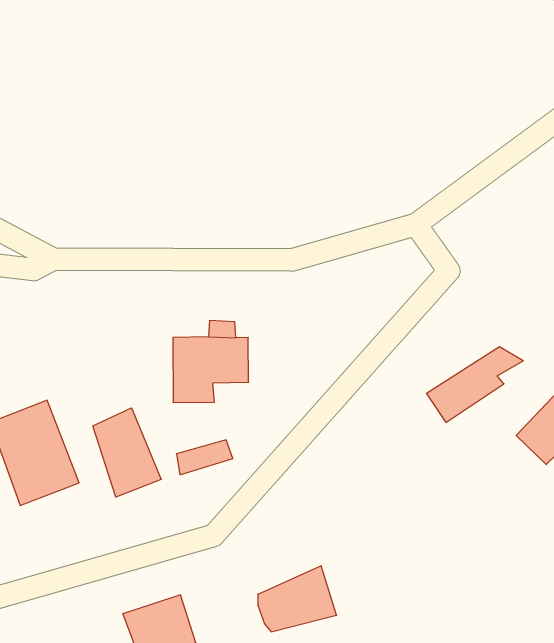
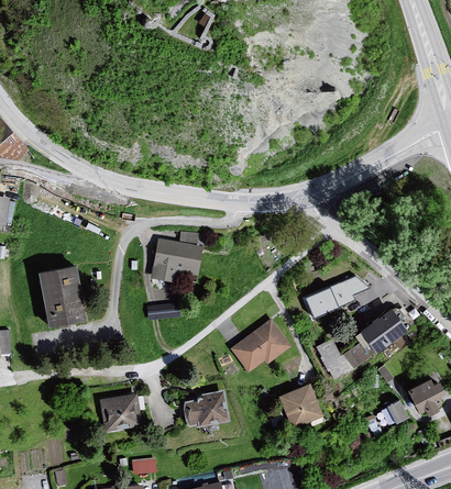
building: [93,408,161,497] -> none
building: none -> [230,321,292,376]
building: none -> [316,341,368,381]
building: none -> [278,386,322,432]

